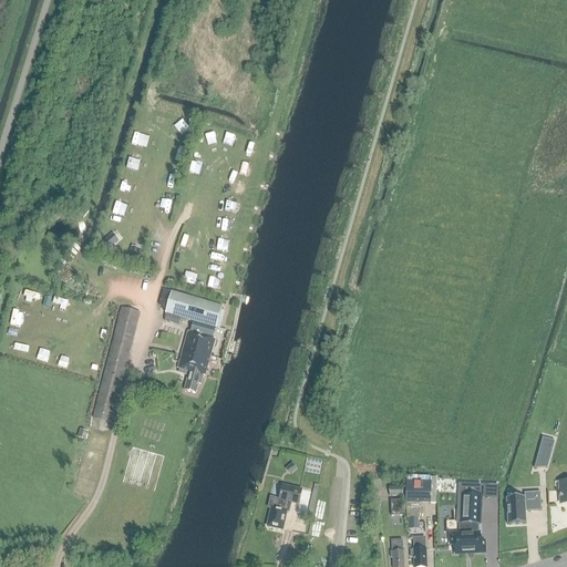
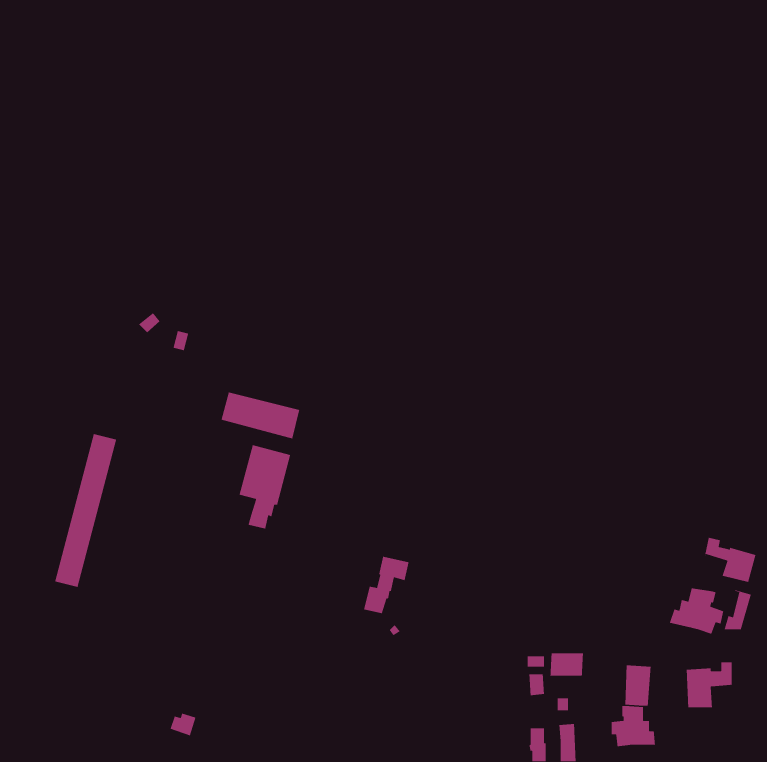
building: [92,306,138,420] -> [54,433,117,588]
building: none -> [704,537,756,583]
building: none -> [669,587,724,635]
building: [267,483,301,526] -> [363,556,410,614]

